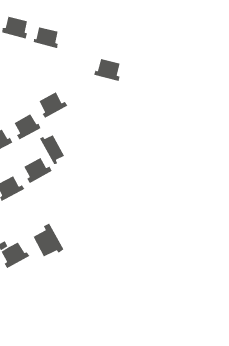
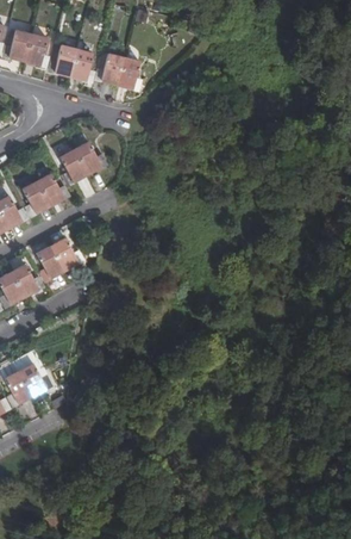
building: [93,58,121,82] -> [98,54,138,88]
building: [39,134,65,165] -> none
building: [33,222,64,257] -> none

